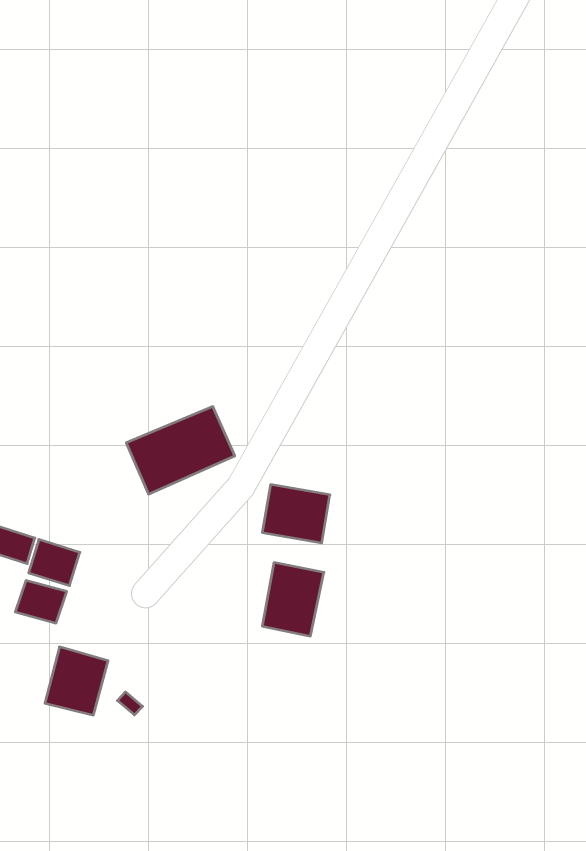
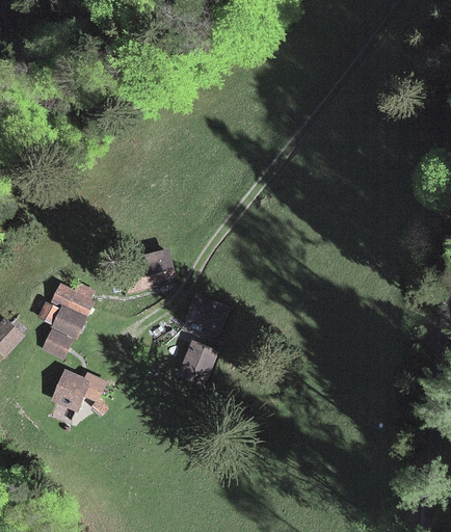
building: none -> [54,282,98,315]

